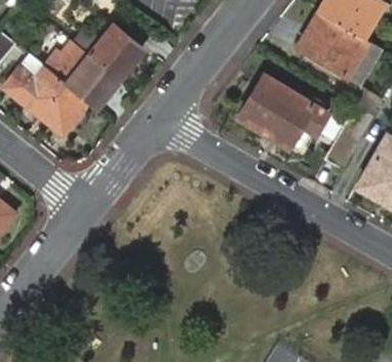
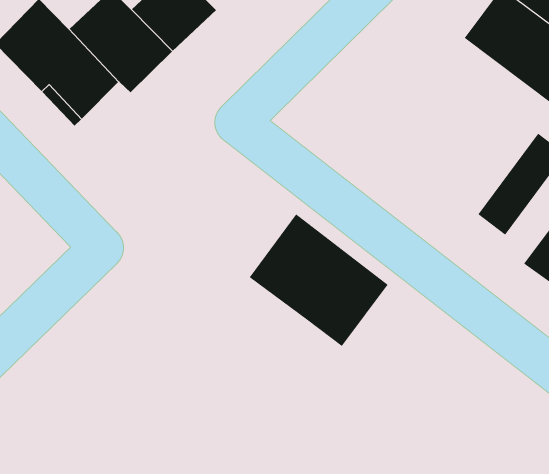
building: [241,74,330,155] -> [249,214,389,347]

